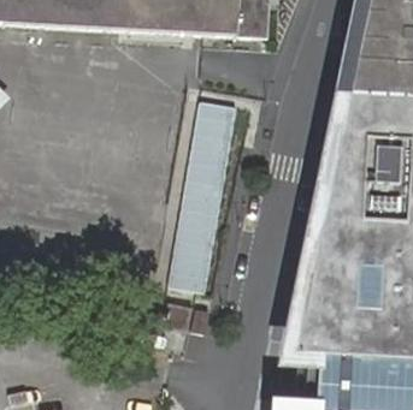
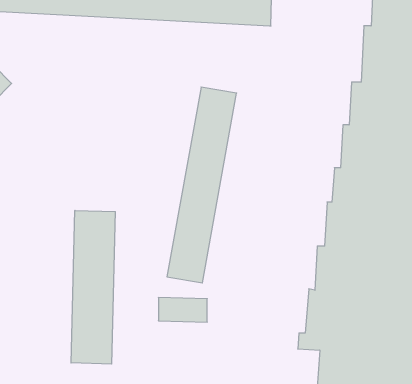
building: none -> [71,210,115,364]

